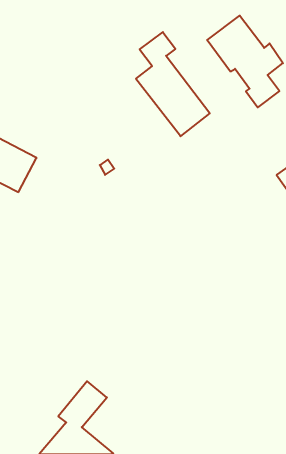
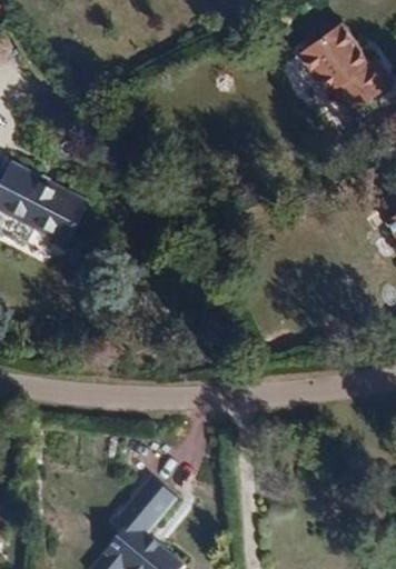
building: [136,32,210,136] -> none

